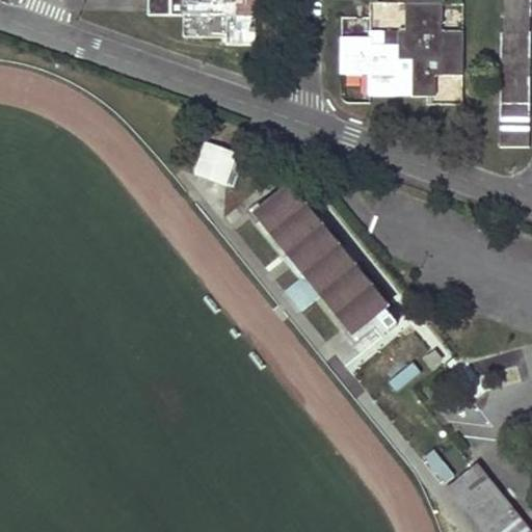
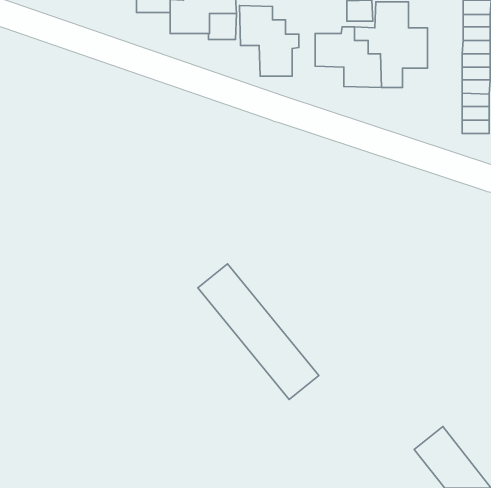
building: none -> [239,6,299,76]
building: [197,140,237,181] -> none
building: [255,188,385,335] -> [198,264,319,399]

